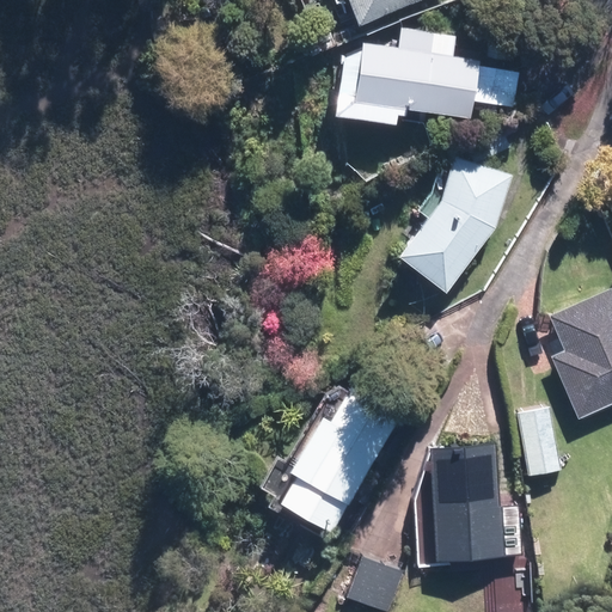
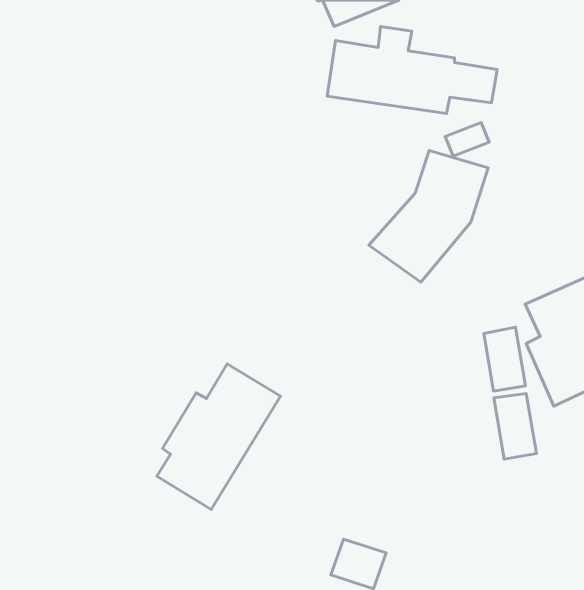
building: none -> [484,327,526,391]
building: [273,382,400,533] -> [157,364,281,510]
building: [427,441,502,561] -> none

